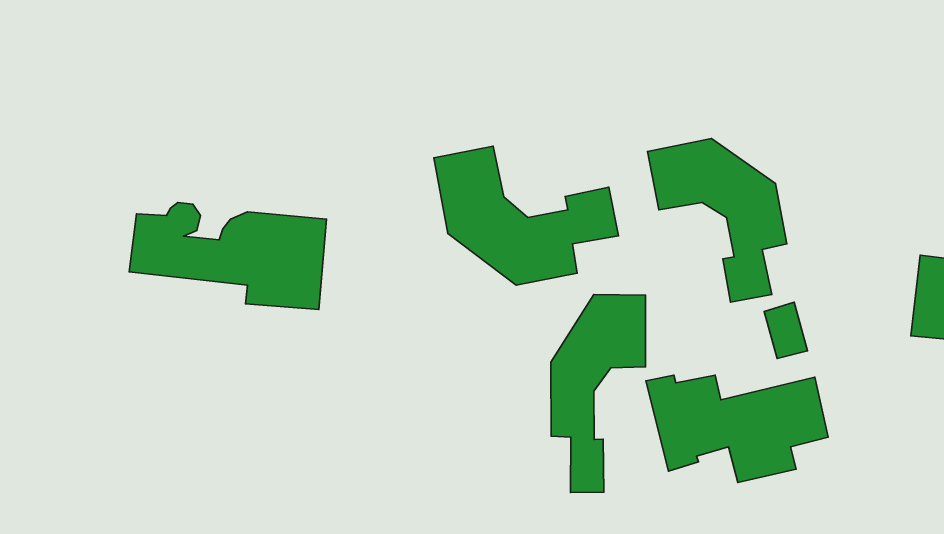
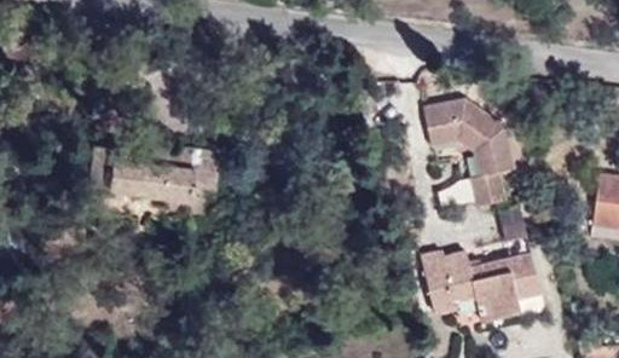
building: [434,146,619,285] -> none
building: [551,294,646,493] -> none

